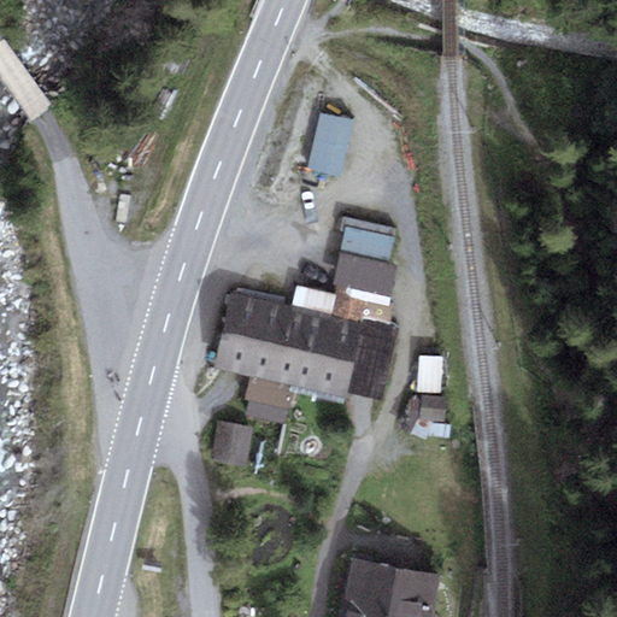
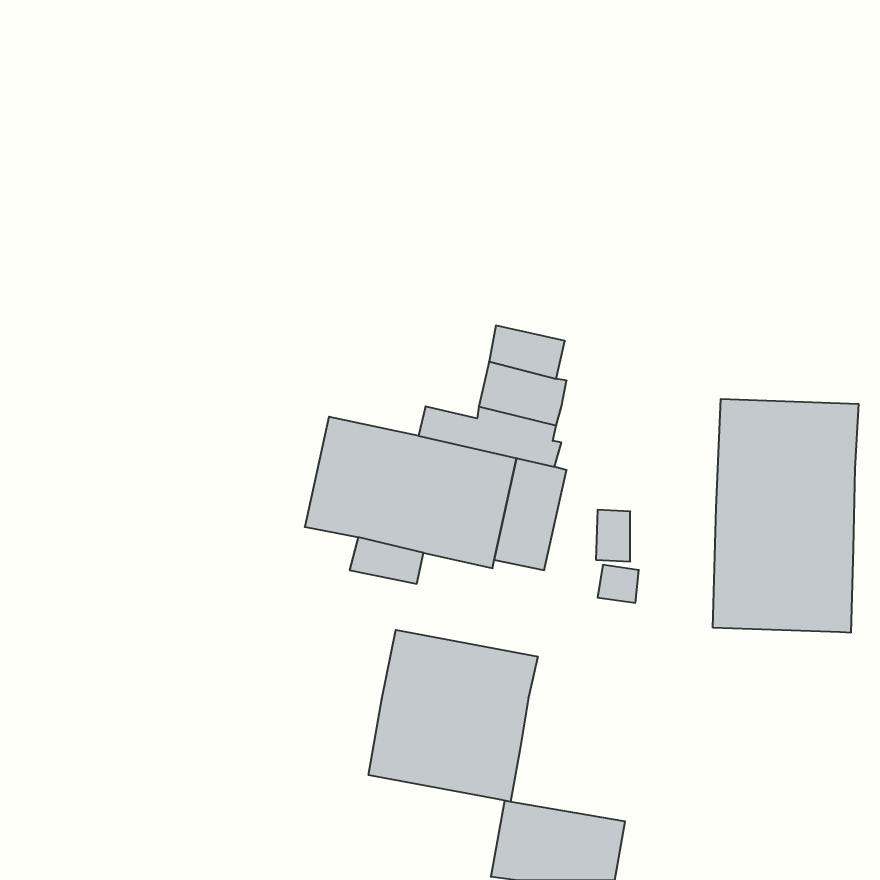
building: [308,113,353,176] -> none
building: none -> [713,399,859,633]
building: [212,422,252,465] -> none
building: none -> [369,630,538,802]

